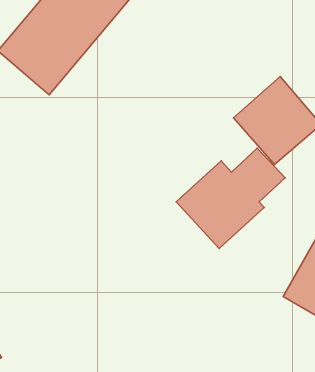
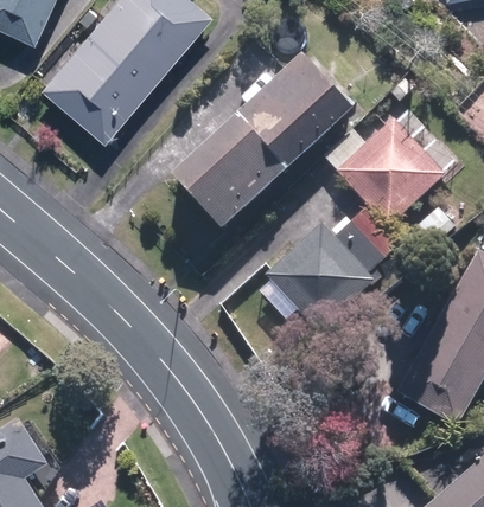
building: none -> [172,53,354,229]

